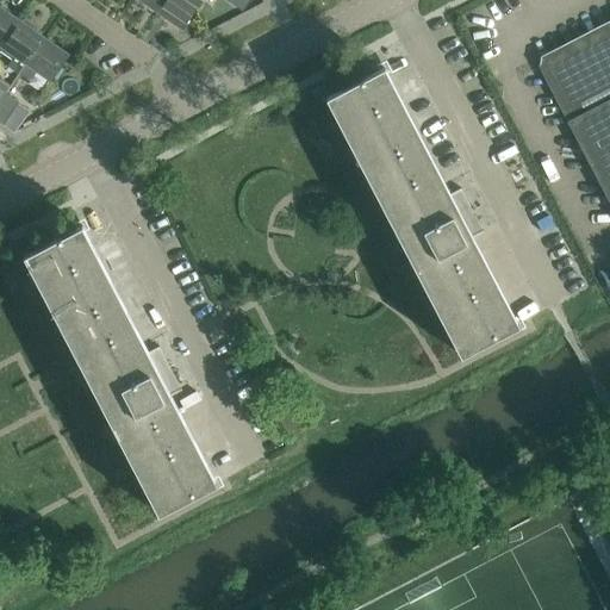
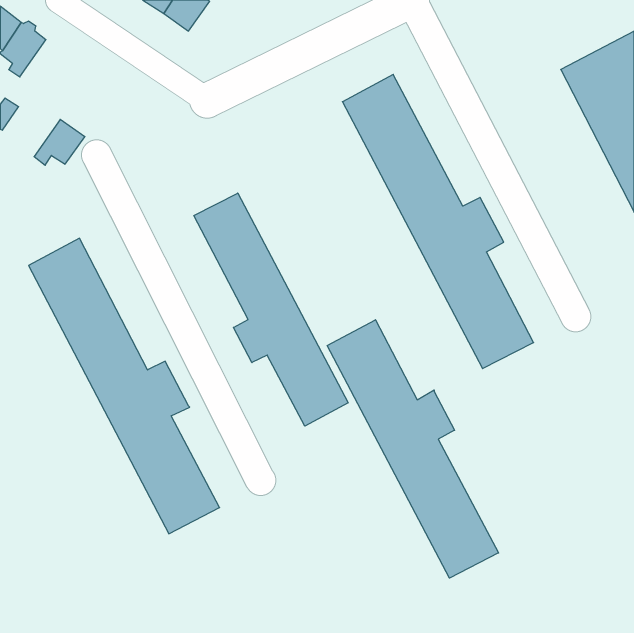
building: [19,39,68,83] -> [34,119,85,165]
building: none -> [194,193,348,426]
building: none -> [327,320,499,578]

